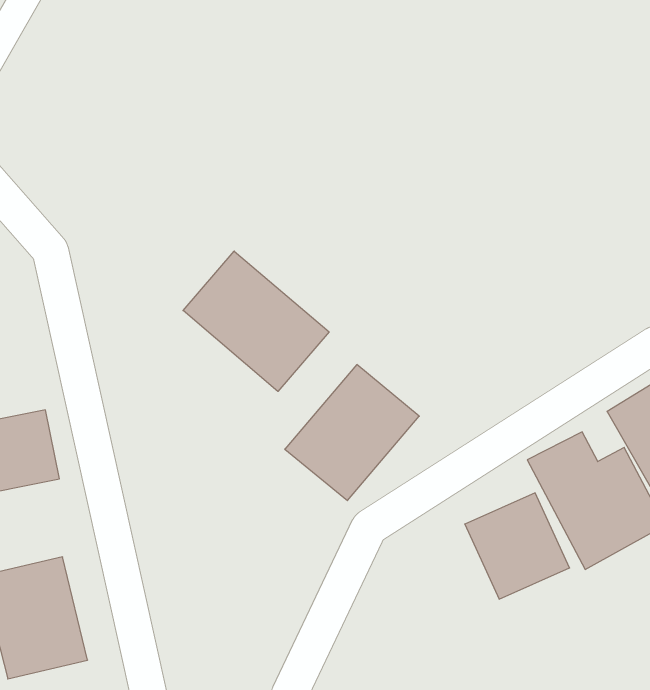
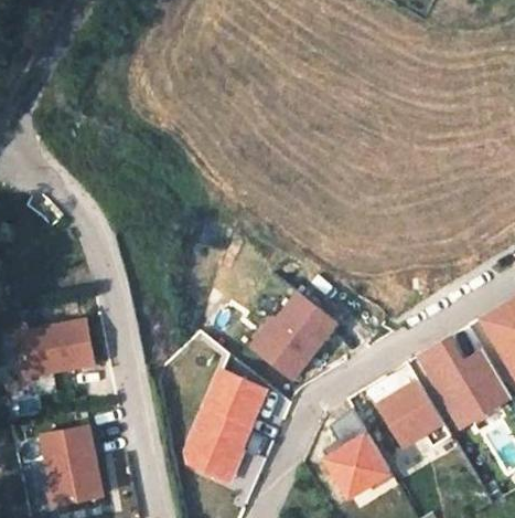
building: [183,251,329,391] -> none
building: none -> [178,362,273,485]
building: none -> [316,433,386,501]

